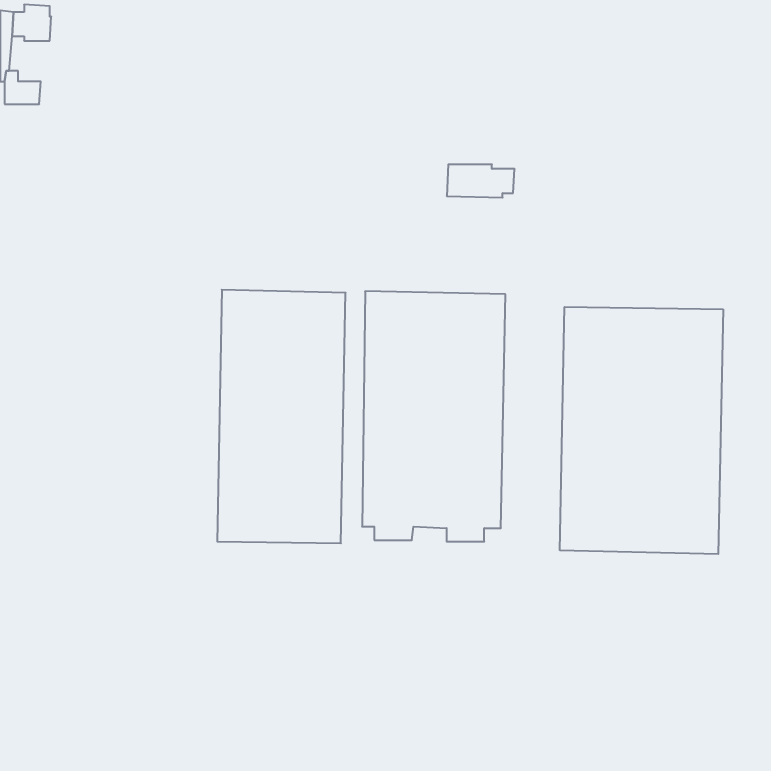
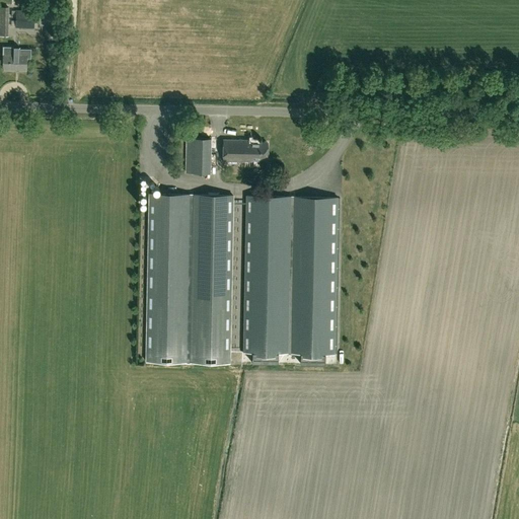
building: [447,164,515,198] -> [222,140,268,162]
building: none -> [186,138,211,171]
building: [560,307,723,554] -> none

